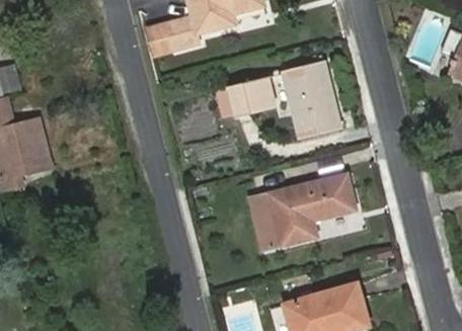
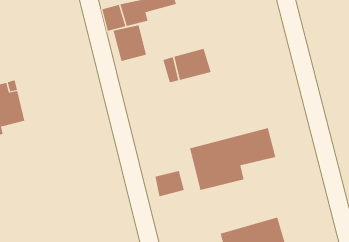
building: none -> [113,25,146,62]
building: [284,63,341,136] -> none
building: none -> [155,170,185,197]

